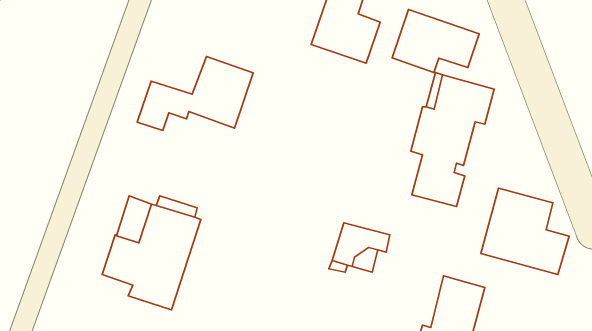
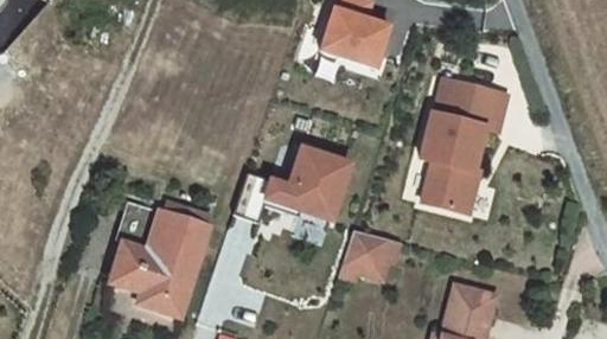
building: [392,10,479,73] -> none
building: [137,56,253,130] -> [231,148,349,223]
building: [481,188,569,275] -> none

